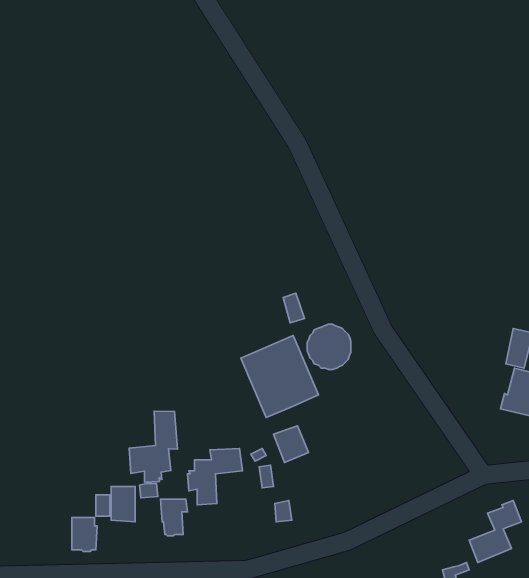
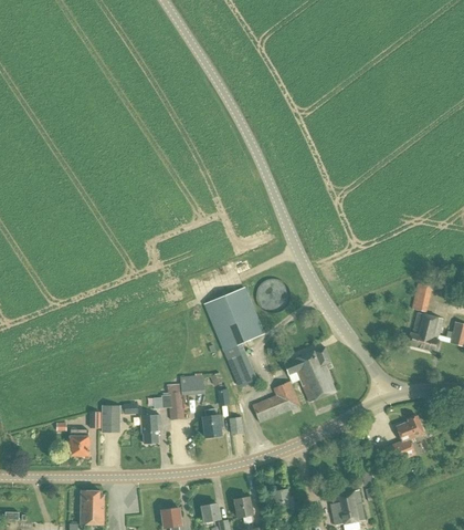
building: [129,411,177,482] -> none
building: none -> [284,346,338,402]
building: none -> [252,381,300,422]
building: none -> [202,408,223,437]

